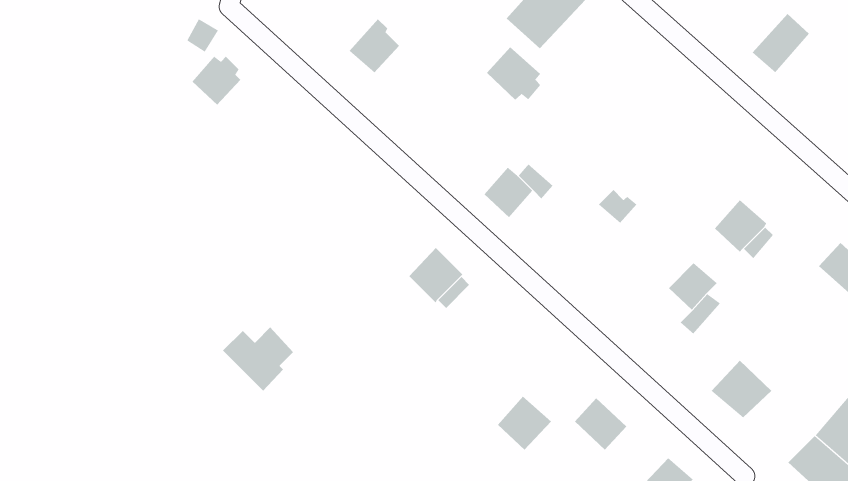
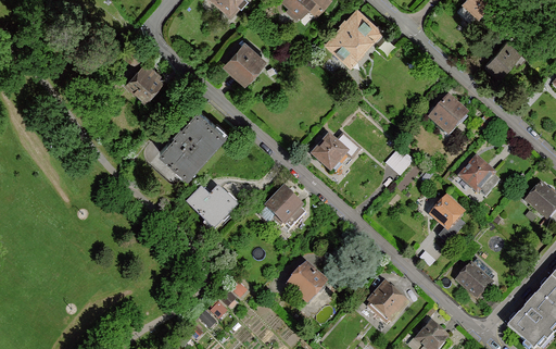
building: [486,46,541,101] -> none
building: none -> [431,98,465,133]
building: none -> [160,110,224,175]
building: [222,327,294,392] -> [188,188,233,229]
building: [497,396,552,450] -> [290,266,325,301]

